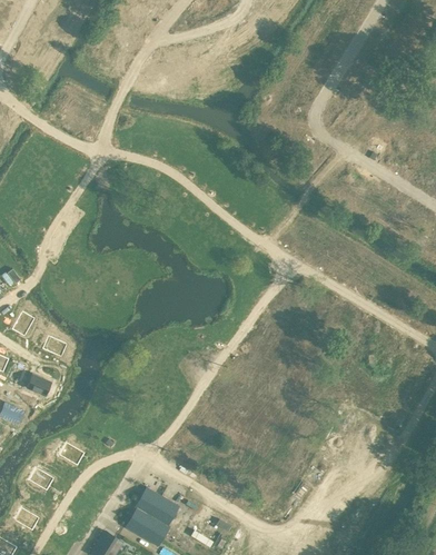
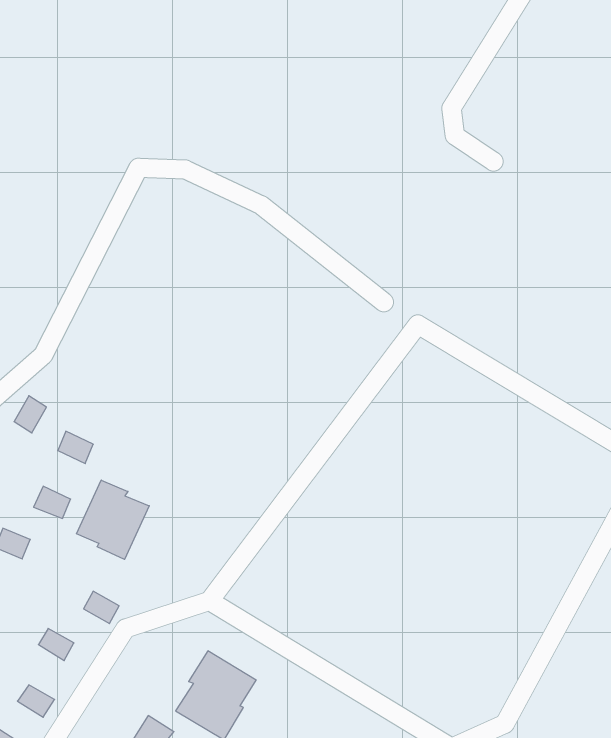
building: none -> [76,480,149,559]

